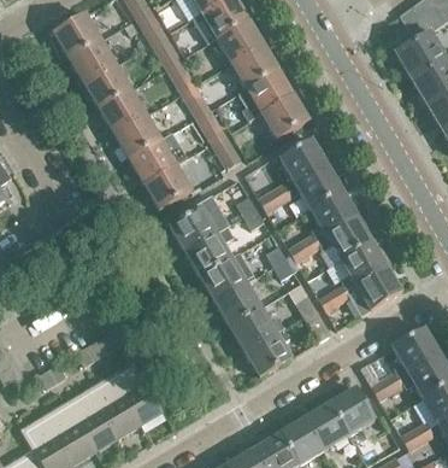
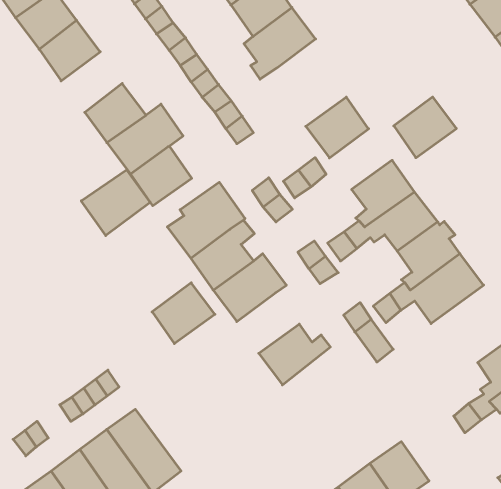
building: [99,89,145,134] -> none
building: [261,94,307,139] -> none
building: [295,165,342,210] -> [394,97,456,158]
building: none -> [81,170,150,236]
building: [214,282,261,327] -> [152,283,215,344]
building: [244,327,291,376] -> none
building: [330,387,373,434] -> none

